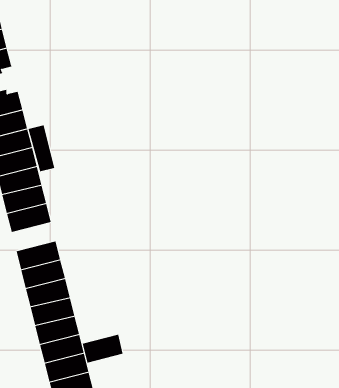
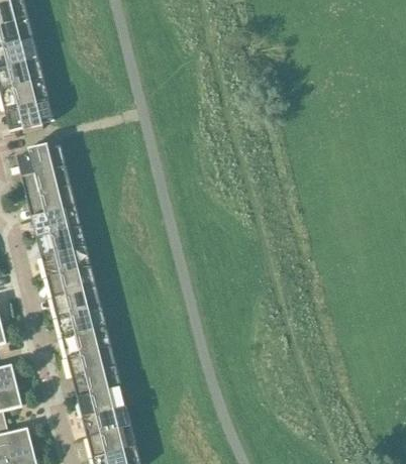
building: [28,124,55,172] -> none
building: none -> [52,284,100,316]
building: [82,334,123,363] -> none

